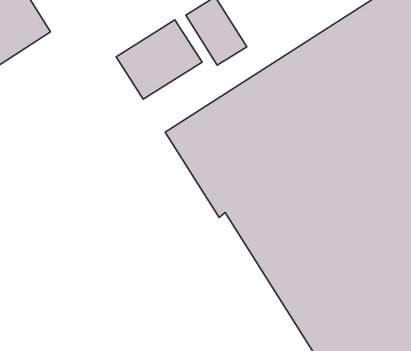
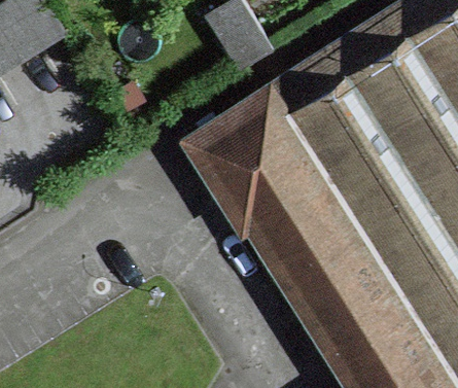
building: [116,20,202,99] -> none

